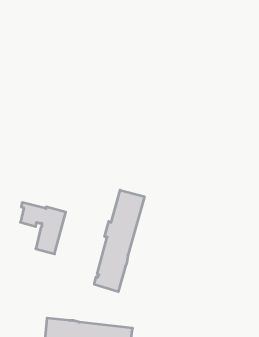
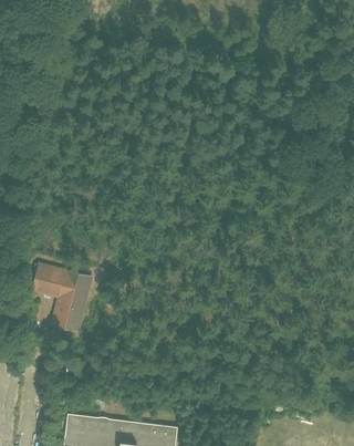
building: [94,190,144,292] -> none

